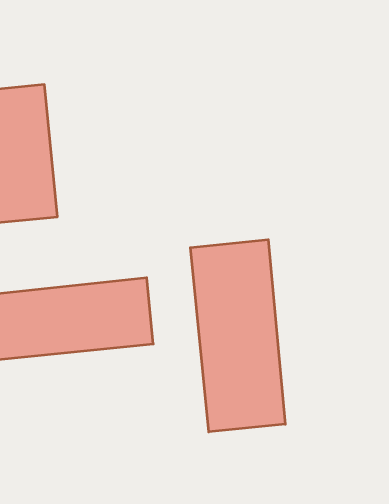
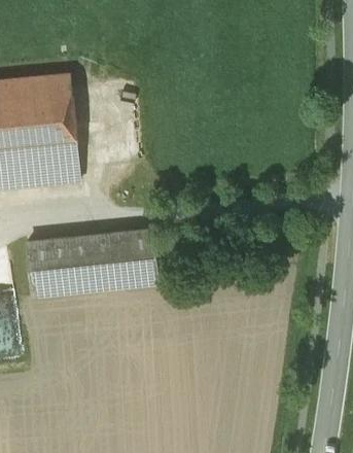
building: [190,240,285,432] -> none

